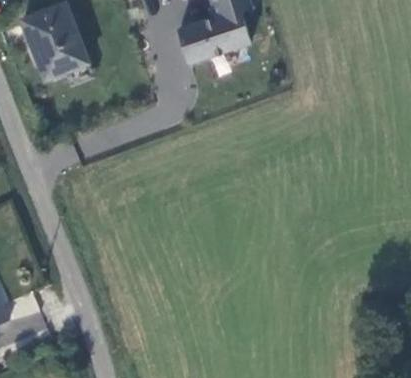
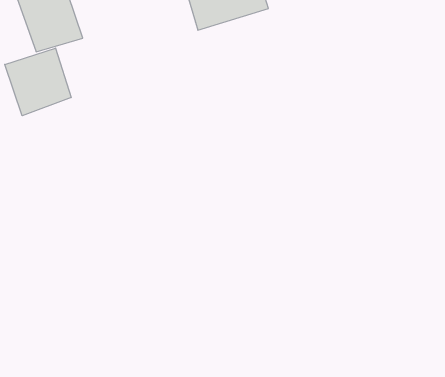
building: none -> [5,48,71,116]

